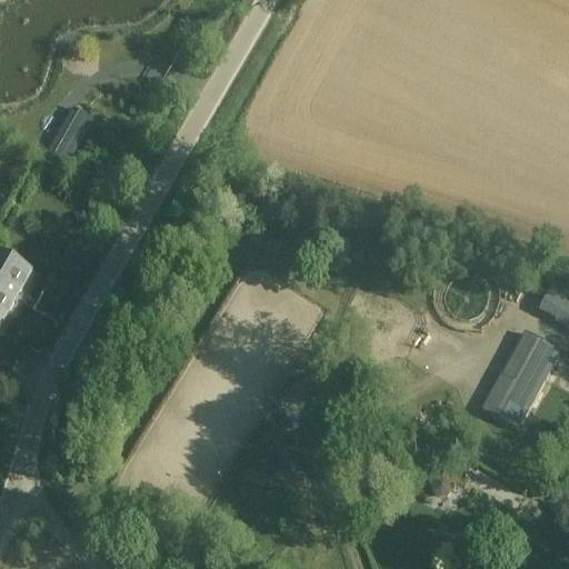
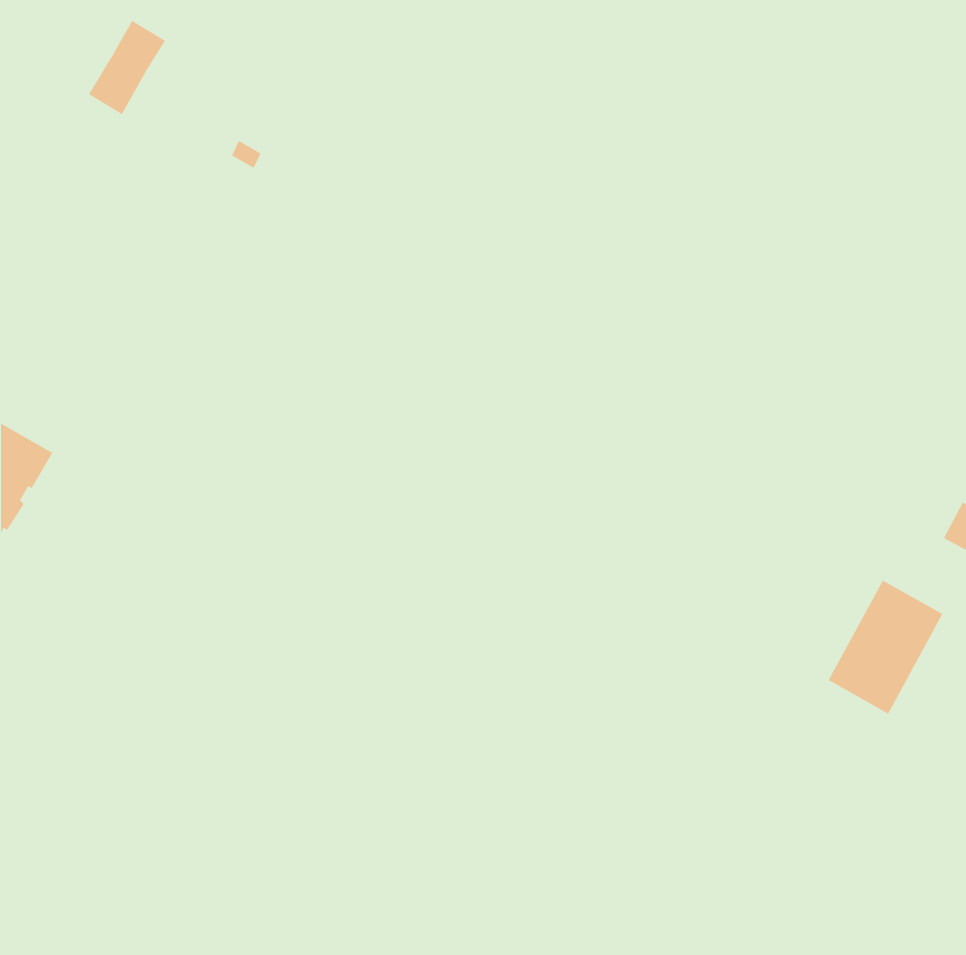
building: [49,104,94,160] -> [88,20,166,115]

